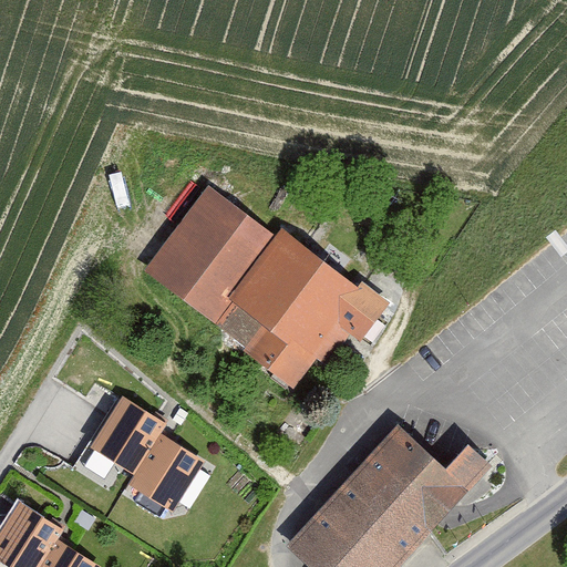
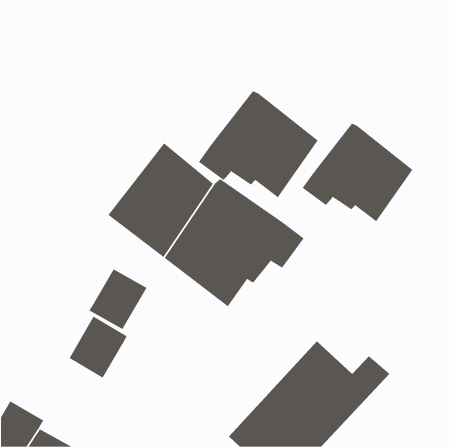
building: none -> [198,90,319,198]
building: none -> [302,123,413,222]
building: [125,433,199,511] -> [89,268,148,330]

